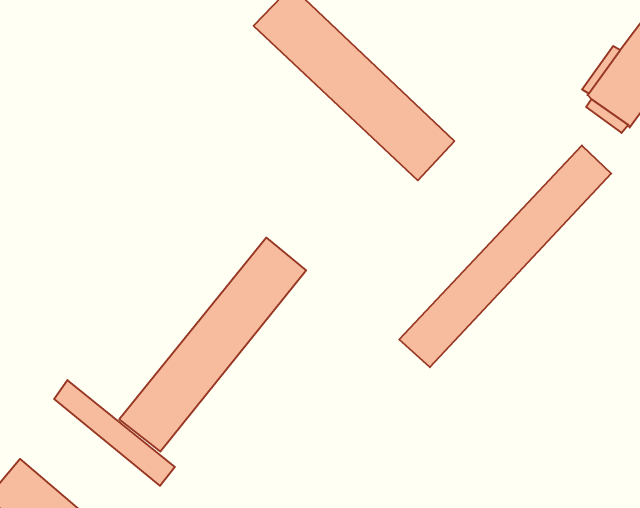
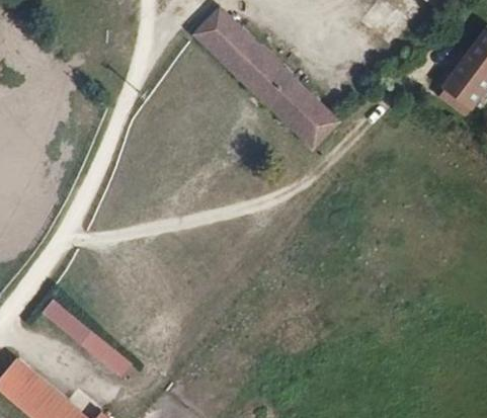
building: [399,145,611,367] -> none
building: [119,238,306,452] -> none

